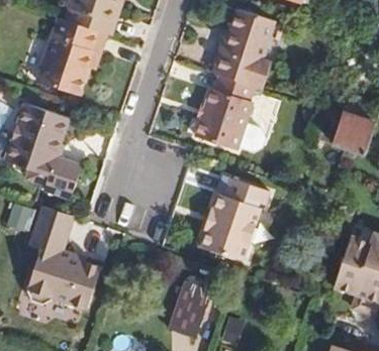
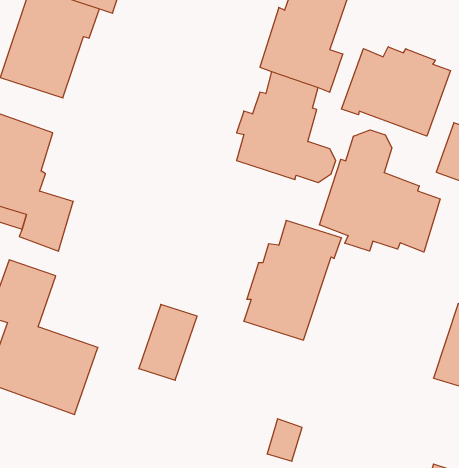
building: none -> [341,47,451,136]
building: none -> [319,130,440,252]
building: [173,278,213,331] -> [139,304,197,380]

